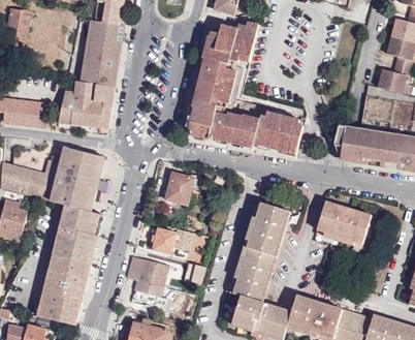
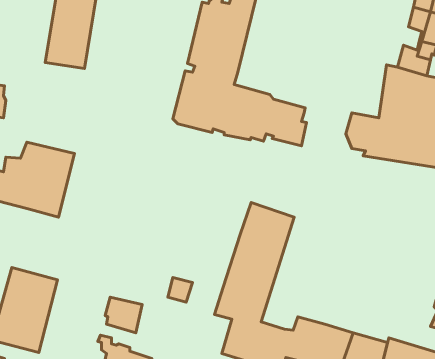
building: [59,81,115,128] -> none
building: [165,169,198,204] -> none
building: [312,200,369,247] -> none
building: [54,205,105,265] -> none
building: [153,227,193,253] -> none
building: [127,256,169,285] -> none

